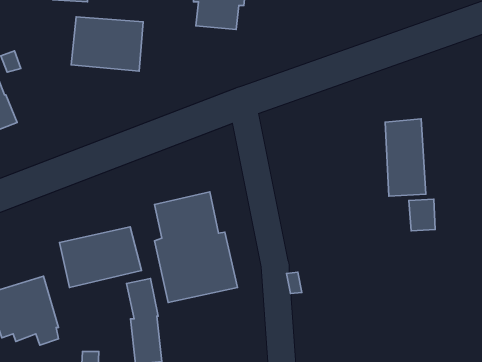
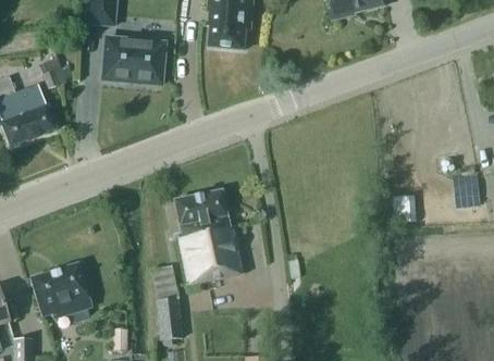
building: [385,119,426,196] -> none
building: [59,227,141,288] -> none

